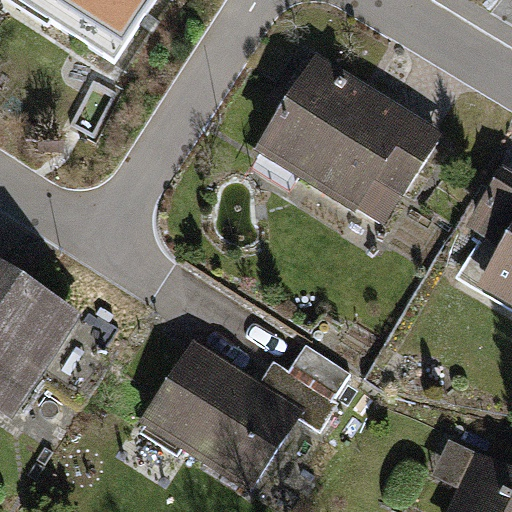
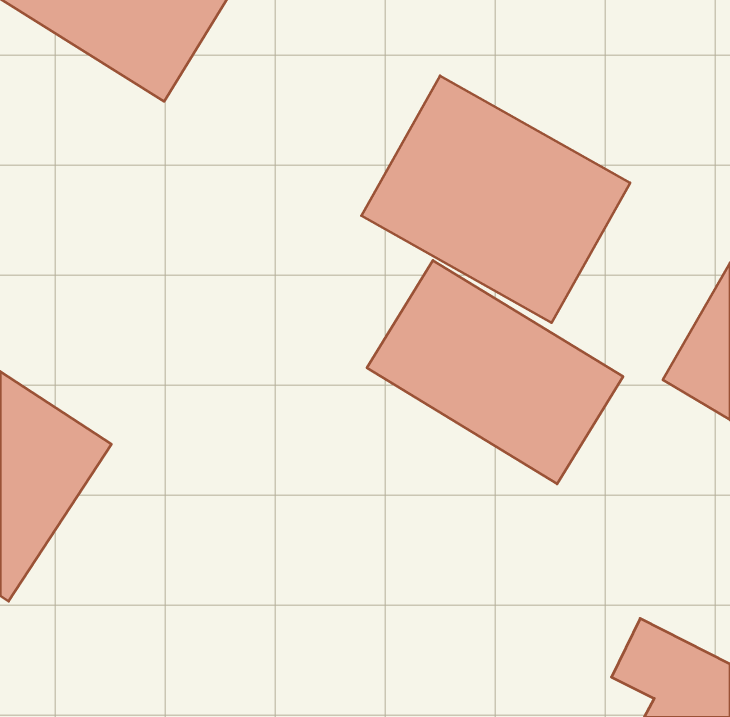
building: none -> [367,260,623,484]
building: [142,342,354,491] -> none

